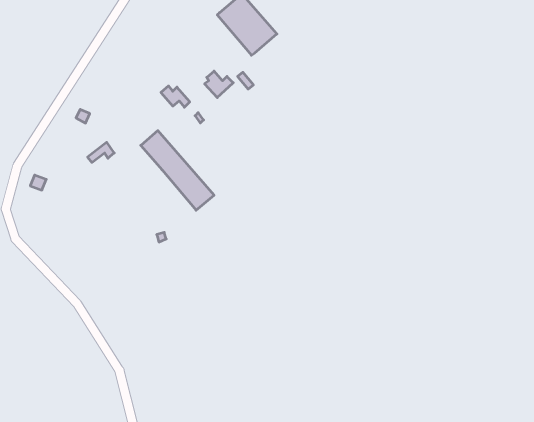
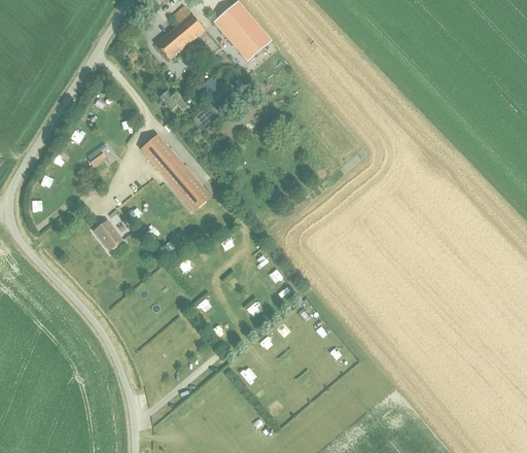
building: none -> [154,13,204,60]
building: none -> [94,220,122,250]

